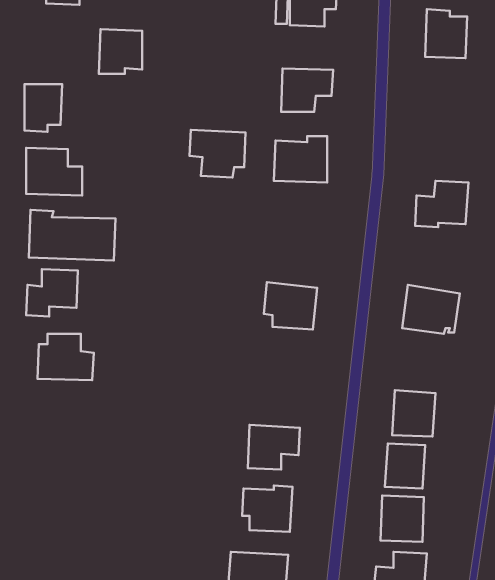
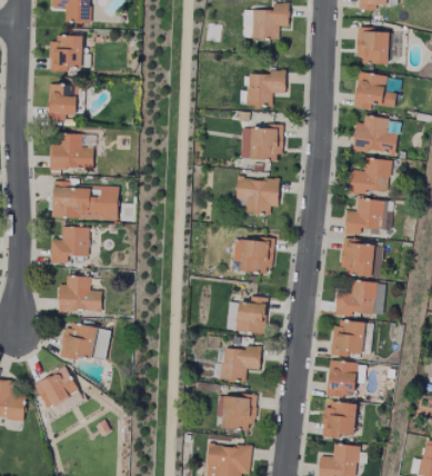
building: [99,29,142,74] -> [50,37,83,71]
building: none -> [354,72,396,110]
building: none -> [352,116,398,155]
building: [189,130,246,177] -> [237,178,280,215]
building: none -> [344,199,393,236]
building: none -> [335,281,384,317]
building: none -> [227,297,267,333]
building: none -> [61,321,111,361]
building: none -> [34,368,79,408]

